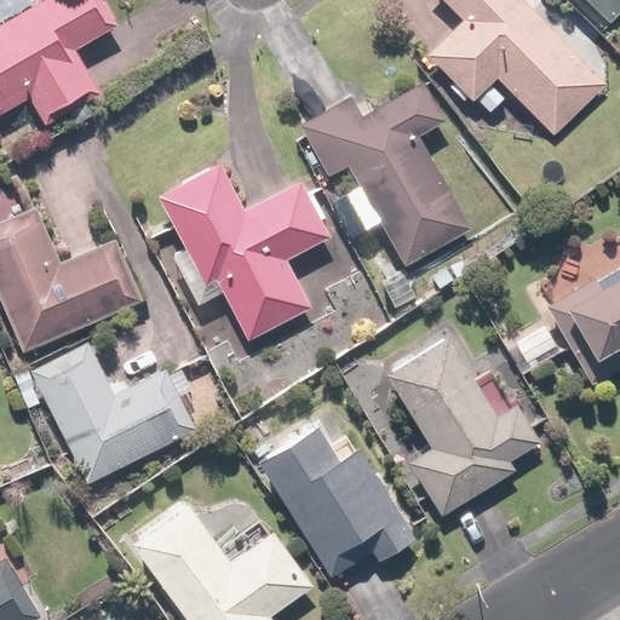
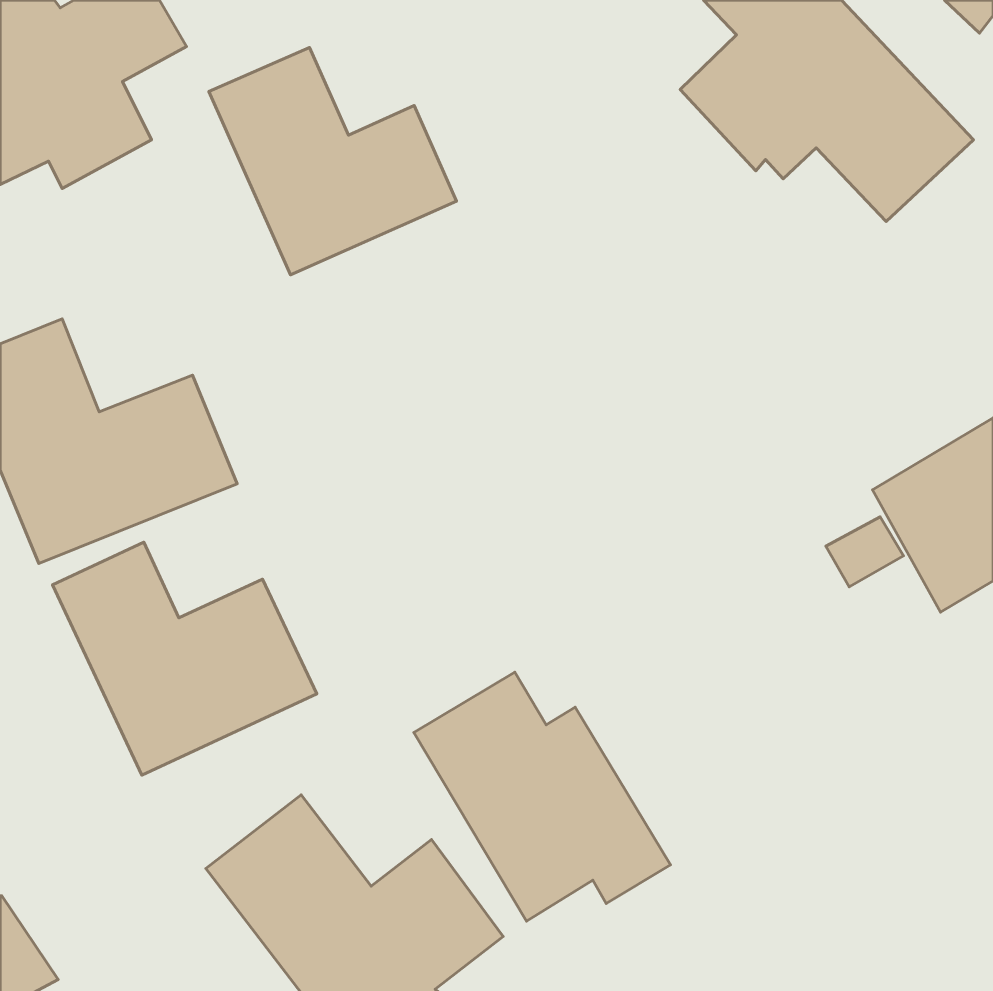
building: none -> [209,48,457,275]
building: [302,79,473,265] -> none
building: [157,161,331,340] -> none
building: [383,329,539,519] -> none

